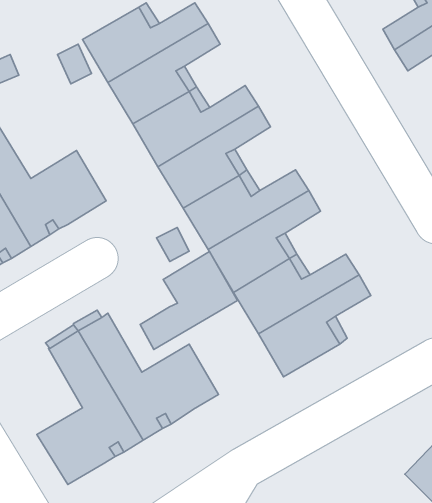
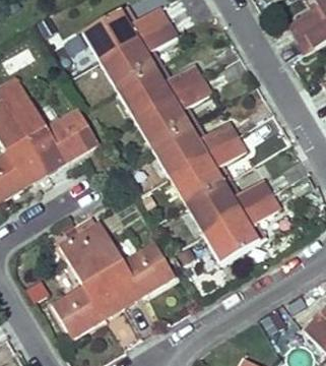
building: [140,252,237,349] -> none

